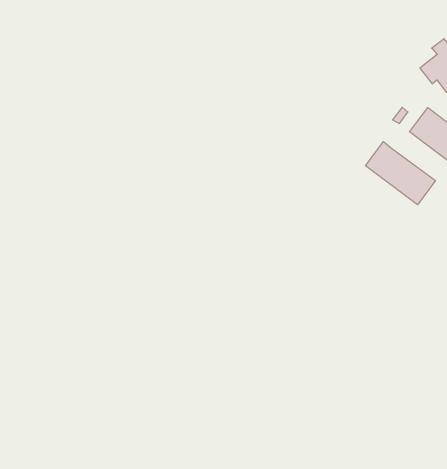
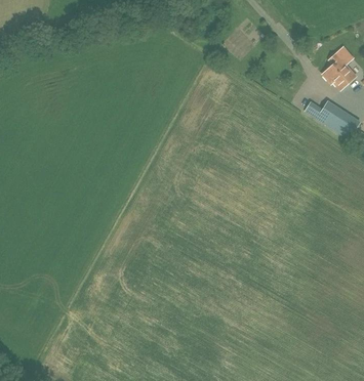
building: [365,142,435,205] -> none

